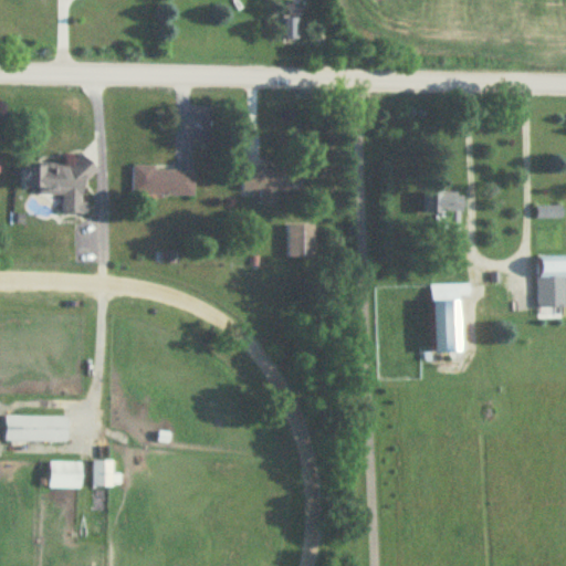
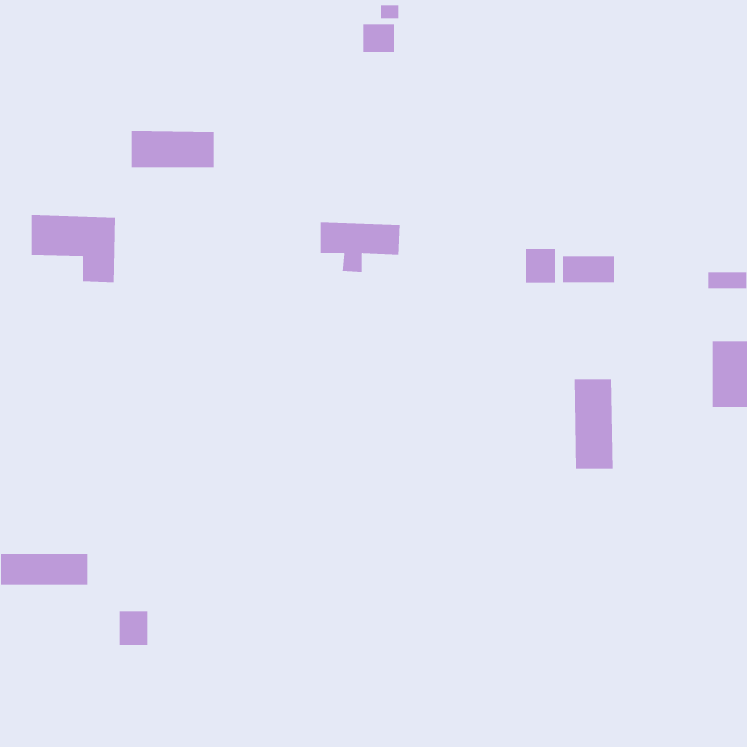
building: [133,166,196,195] -> [131,130,215,168]
building: none -> [525,248,556,283]
building: [287,224,315,258] -> none
building: [48,461,83,488] -> none

